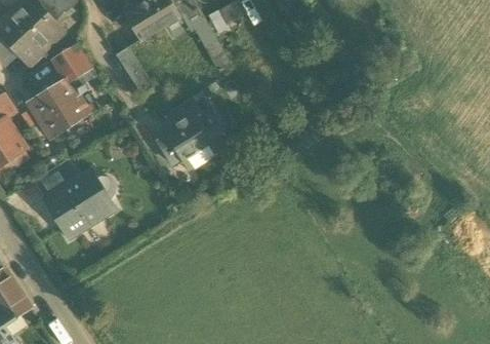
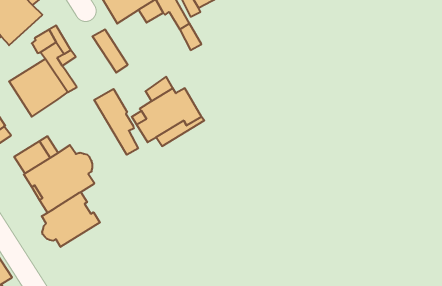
building: none -> [94,89,138,155]
building: none -> [42,192,100,247]

